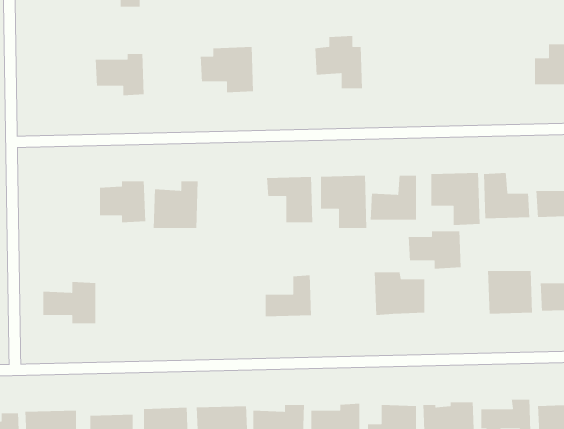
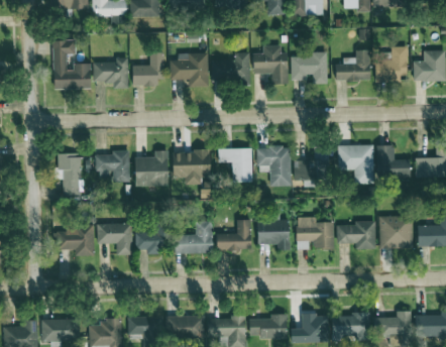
building: none -> [53,39,91,89]
building: none -> [374,46,408,81]
building: none -> [335,50,370,81]
building: none -> [291,51,328,84]
building: none -> [132,52,164,86]
building: none -> [211,52,250,82]
building: none -> [173,150,211,185]
building: none -> [54,153,82,196]
building: [408,231,462,269] -> [337,221,376,249]
building: none -> [257,214,290,250]
building: none -> [137,221,168,253]
building: none -> [175,221,213,253]
building: none -> [97,223,133,255]

